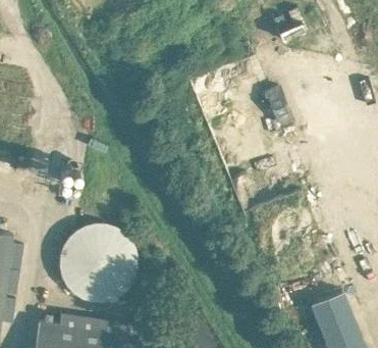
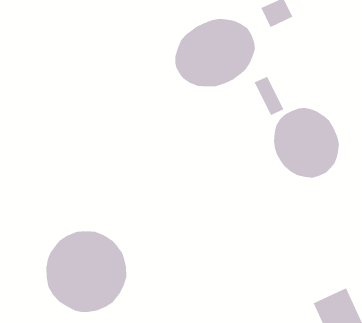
building: none -> [175,18,255,87]
building: none -> [273,107,339,178]

